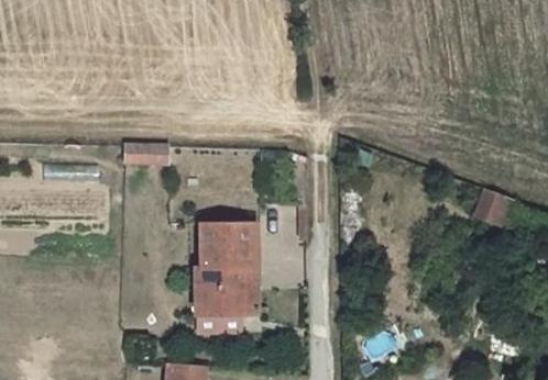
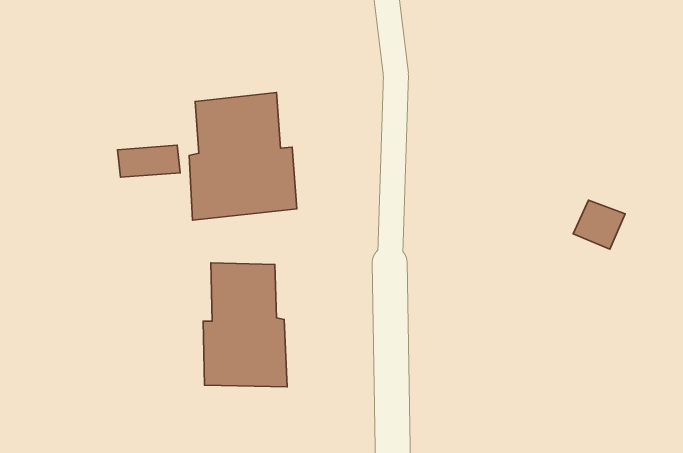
building: none -> [189,92,297,220]

